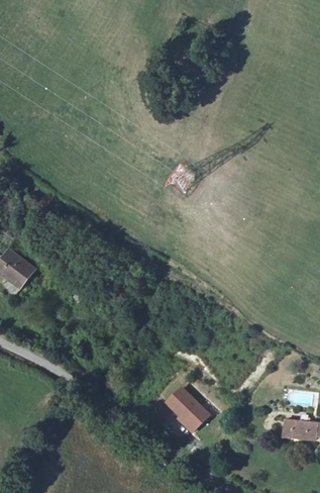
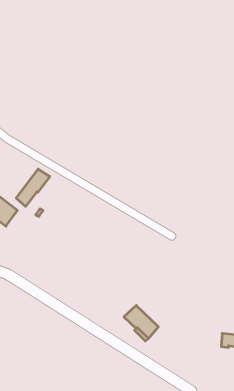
building: none -> [16,169,50,206]

